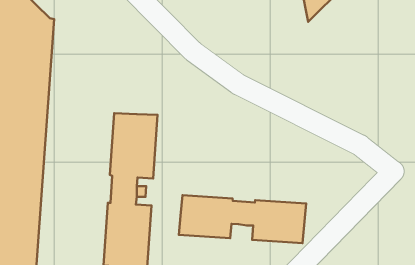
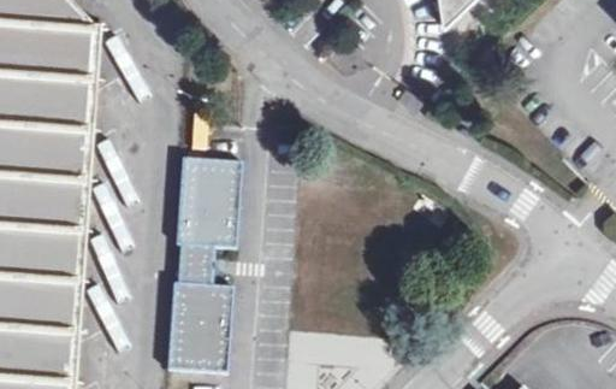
building: [179,195,306,243] -> none

